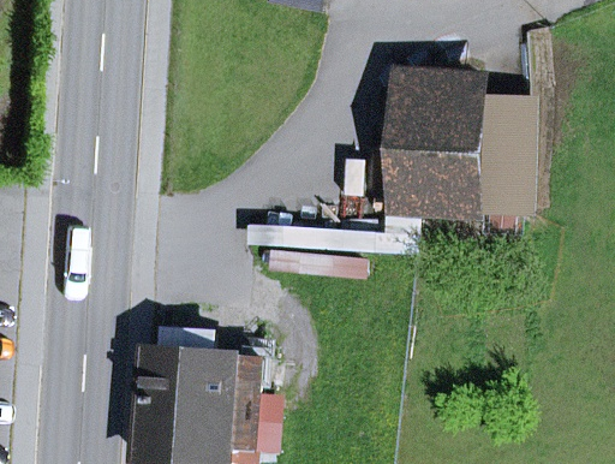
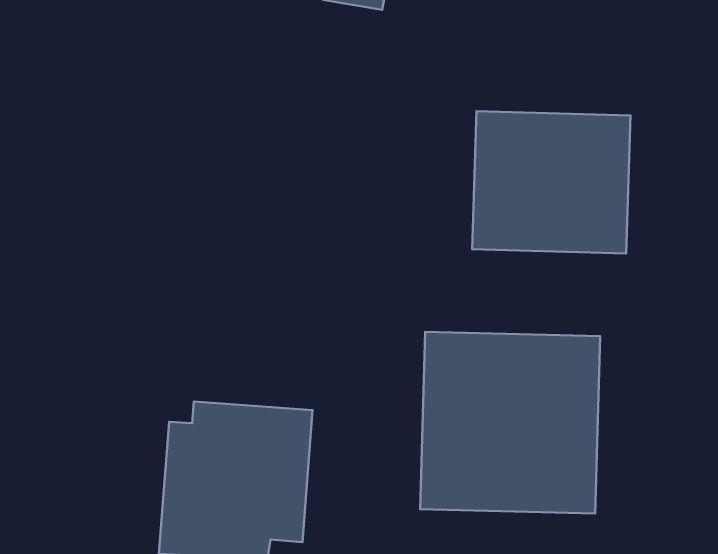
building: none -> [420,332,600,514]

